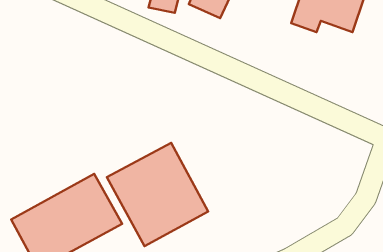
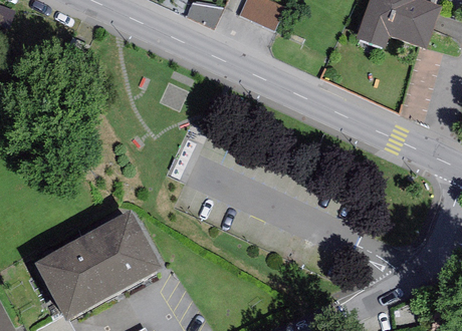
building: [107,143,208,246] -> none

